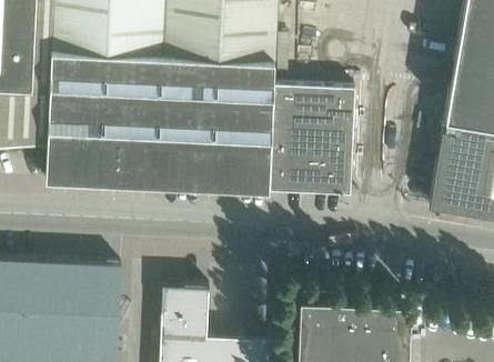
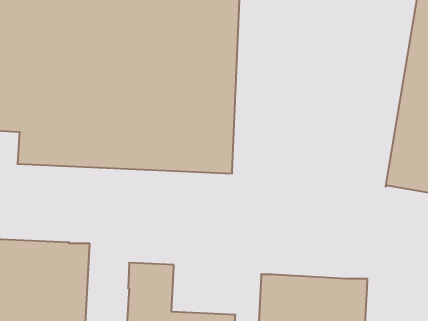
building: [271,87,356,194] -> none

